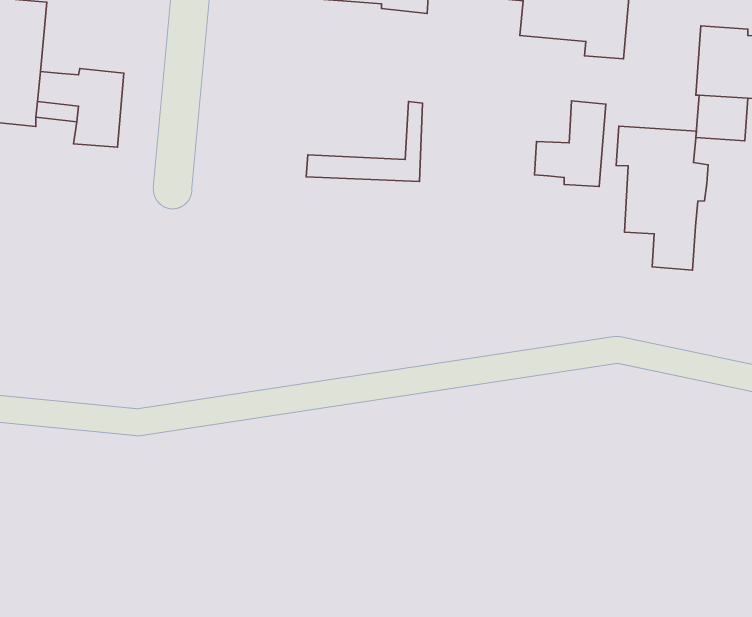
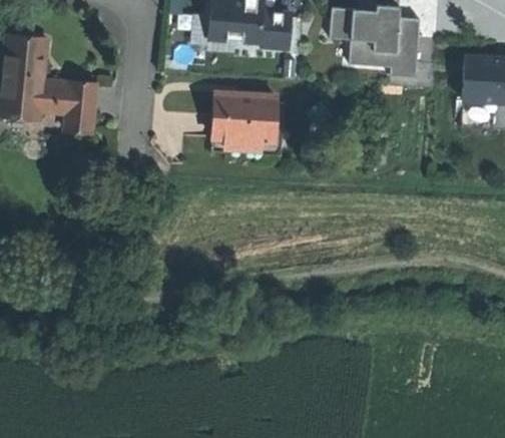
building: none -> [213,94,278,140]
building: [534,101,606,186] -> none
building: [616,126,708,270] -> none

